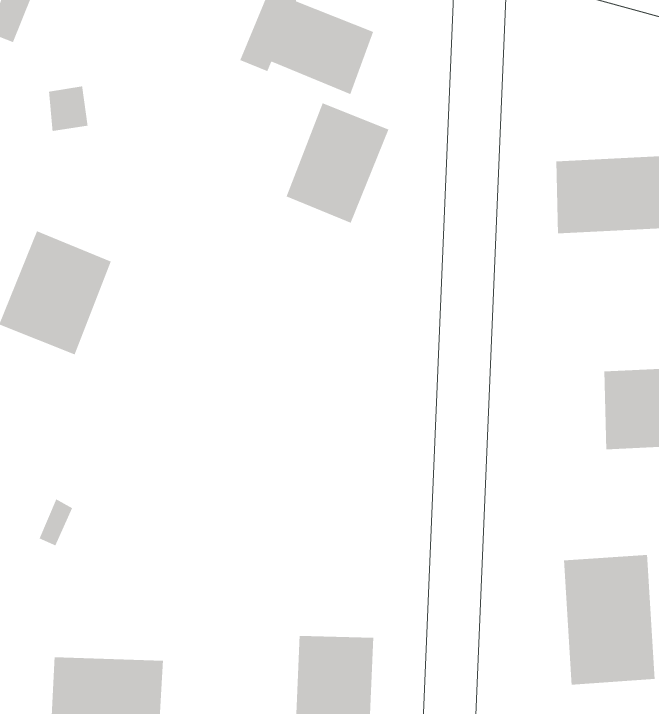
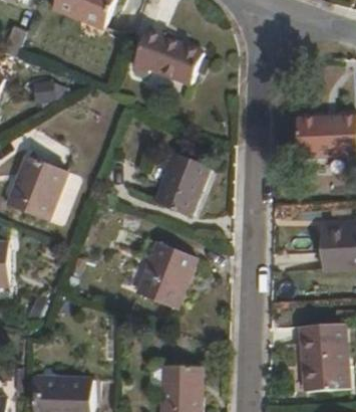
building: [286,102,390,224] -> [155,153,210,216]
building: none -> [141,242,196,307]

